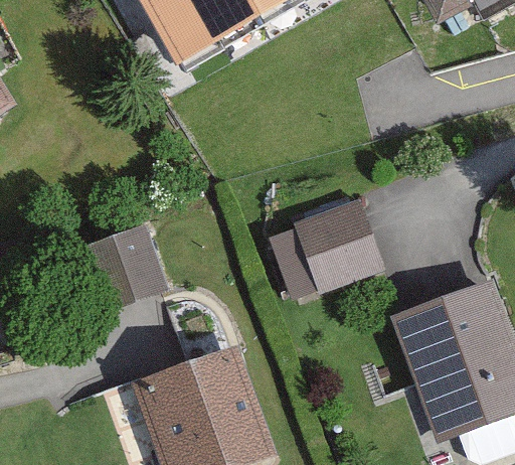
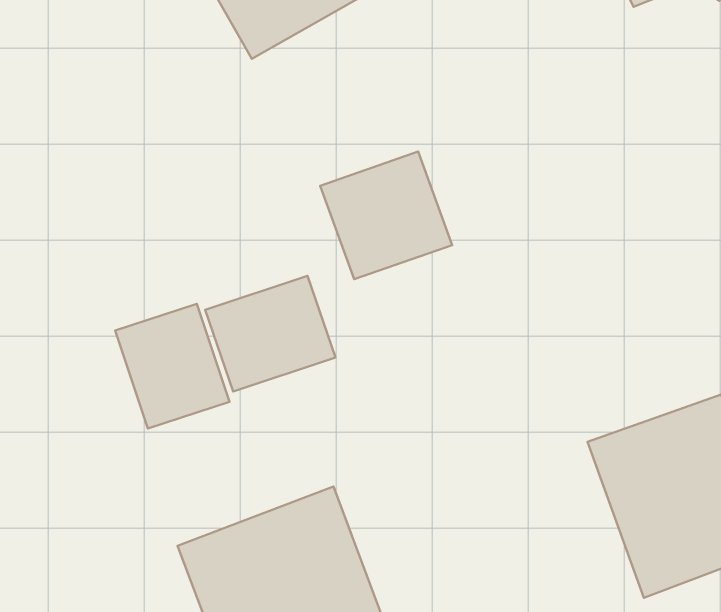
building: [297,206,386,293] -> [320,152,452,279]
building: none -> [205,276,335,392]

